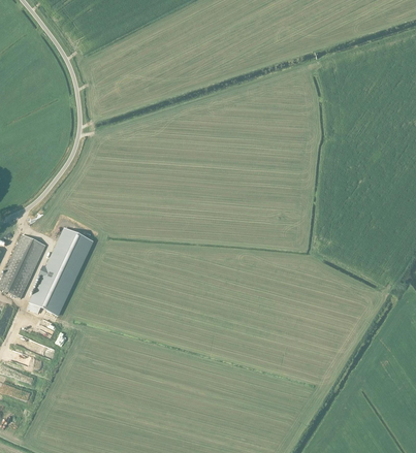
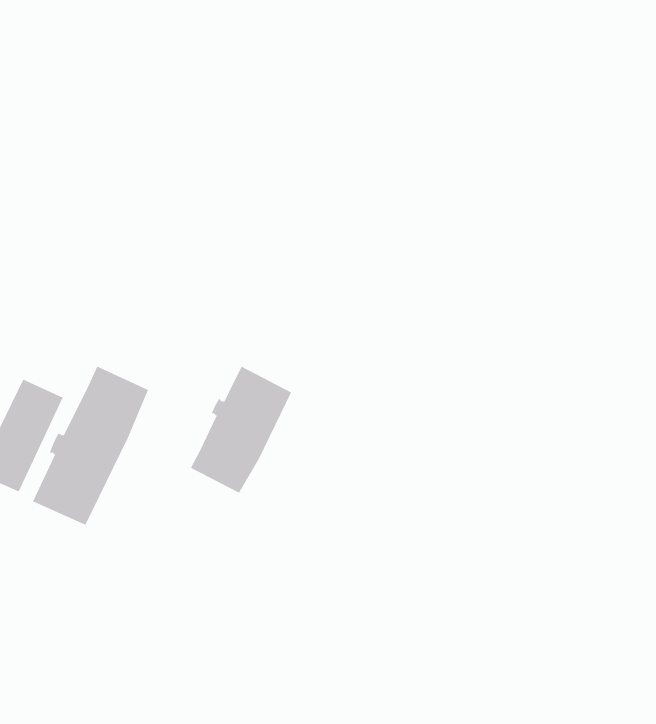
building: none -> [190,366,292,493]

